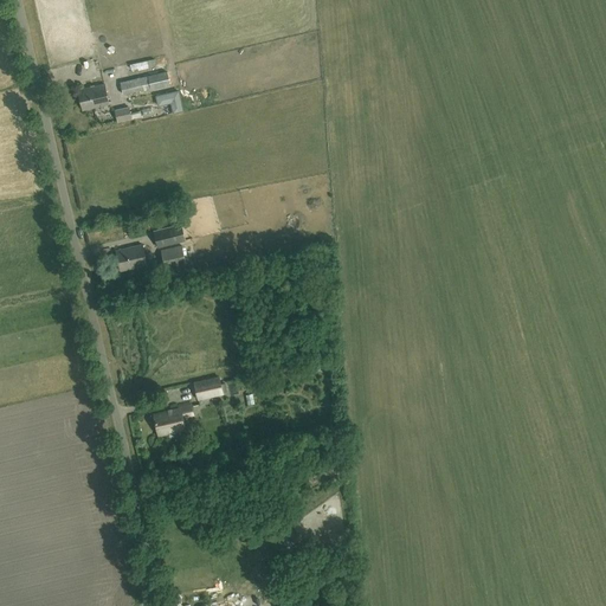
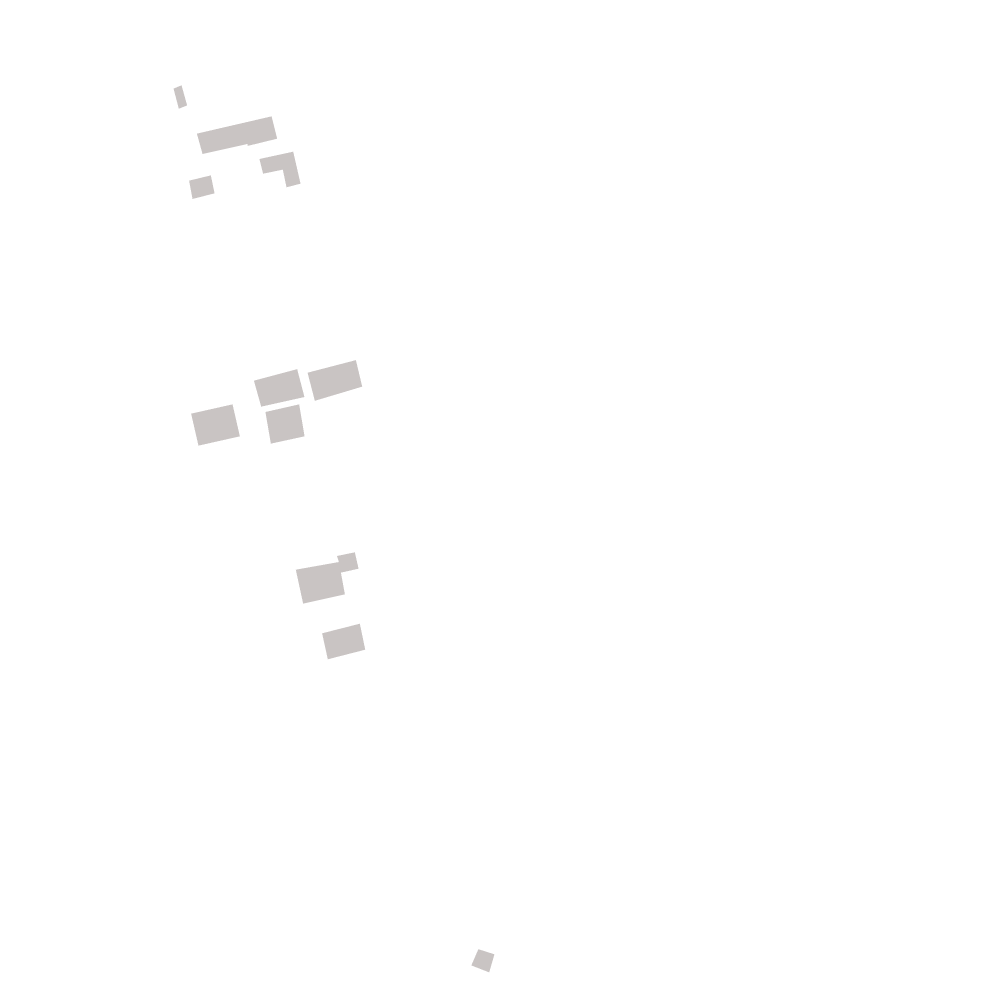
building: [77,83,108,109] -> none
building: none -> [307,359,363,402]
building: [153,402,192,434] -> [295,552,359,605]

